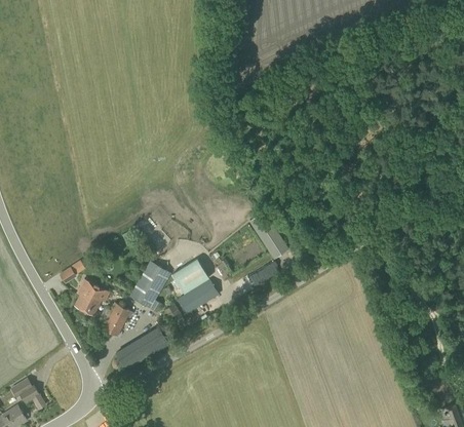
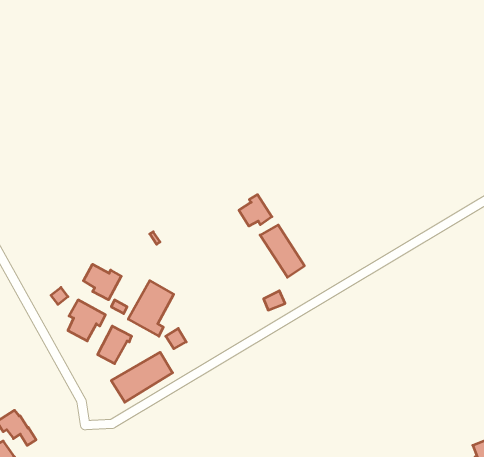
building: none -> [239,195,272,226]
building: none -> [83,264,121,300]
building: [168,265,219,313] -> none

